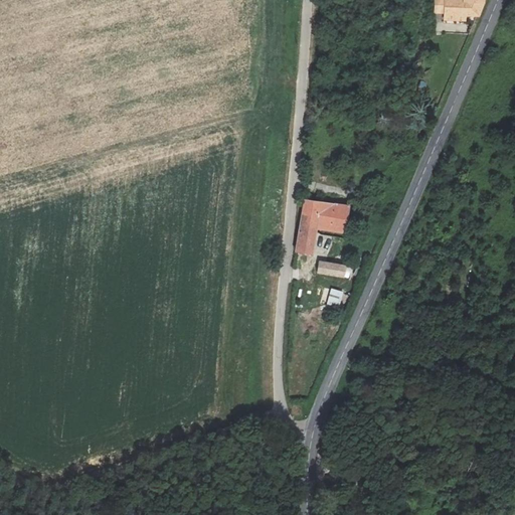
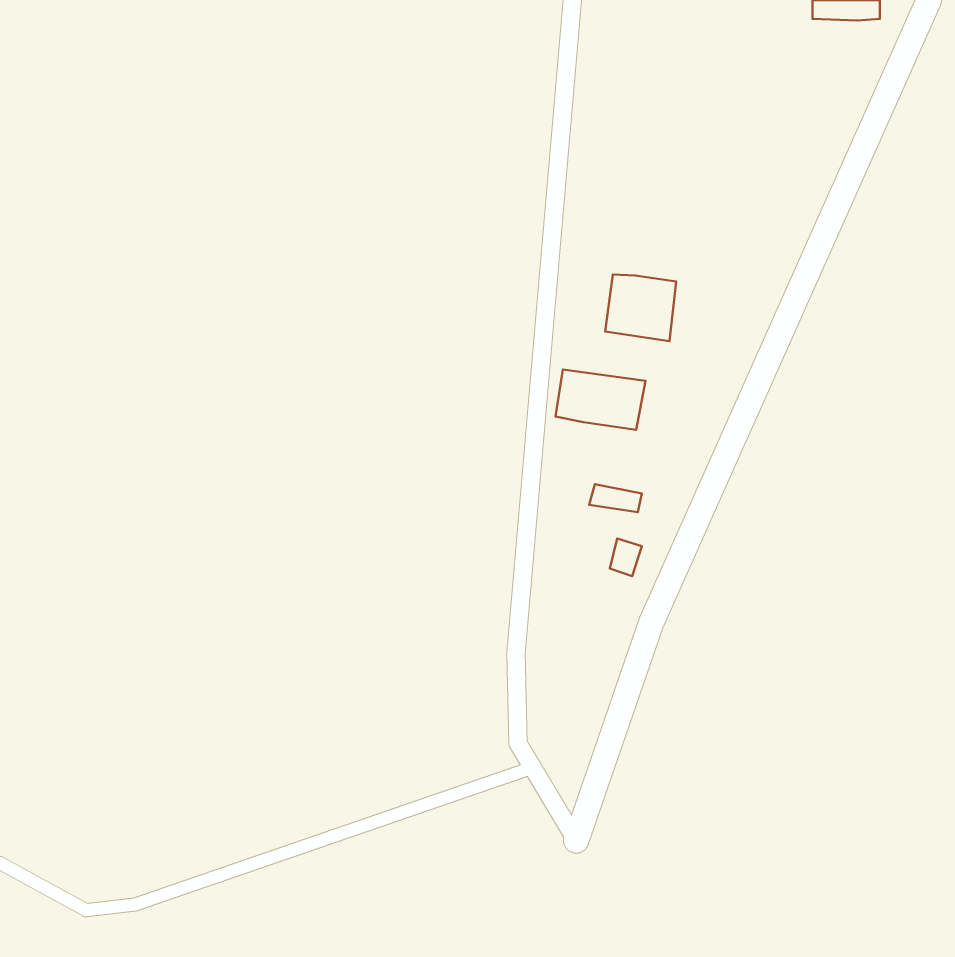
building: none -> [605,274,676,341]
building: [296,224,315,253] -> none

